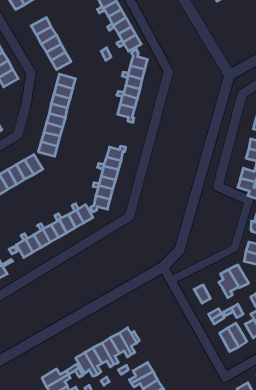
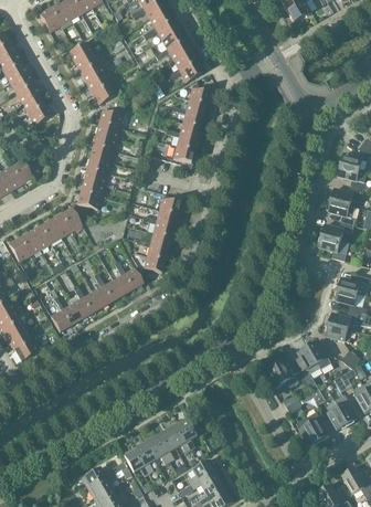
building: none -> [276,358,306,385]

